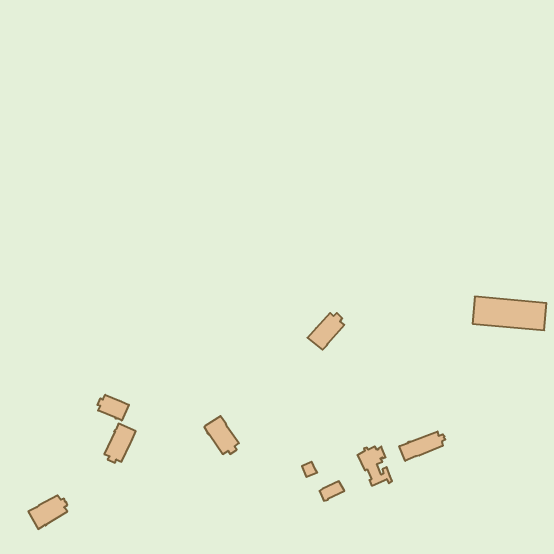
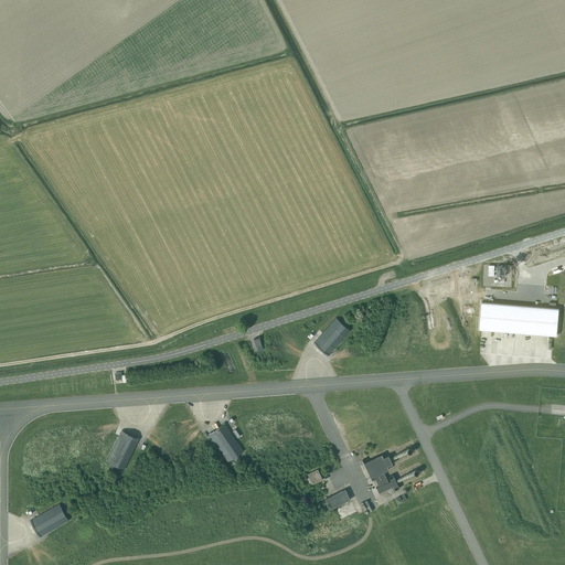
building: [97,395,129,421] -> none
building: [399,431,445,461] -> none

